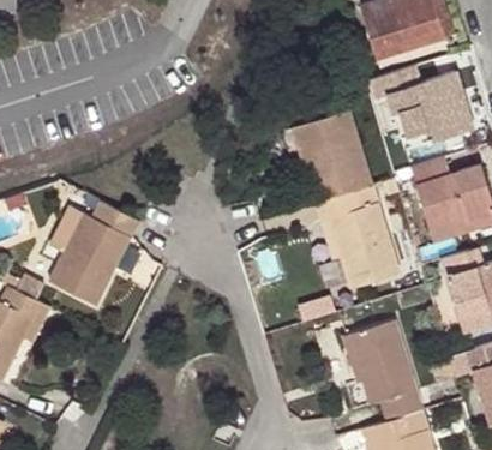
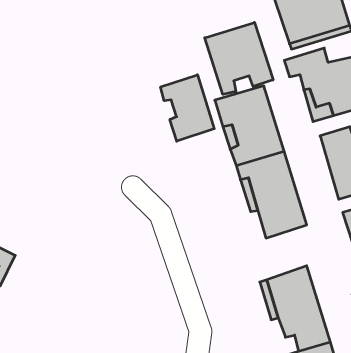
building: none -> [205,22,273,94]
building: none -> [161,75,214,141]
building: [48,202,137,305] -> none

